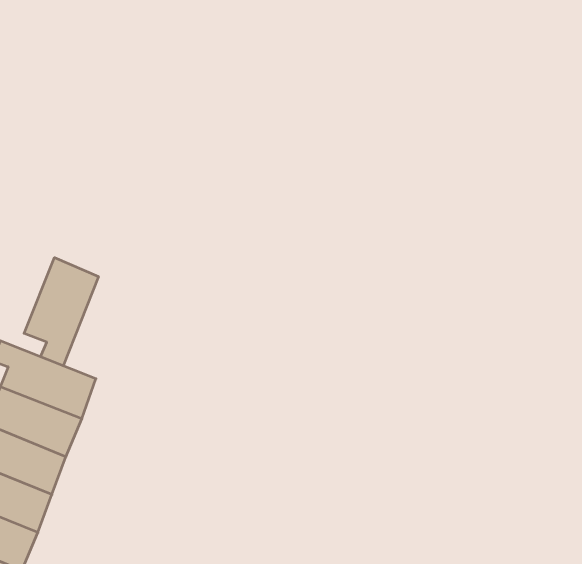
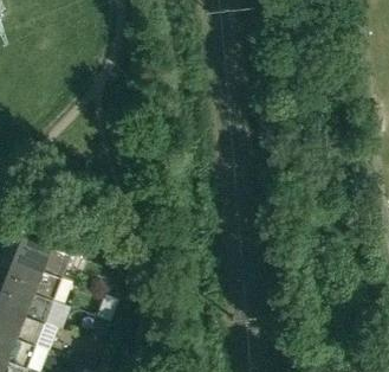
building: [24,258,98,366] -> none

